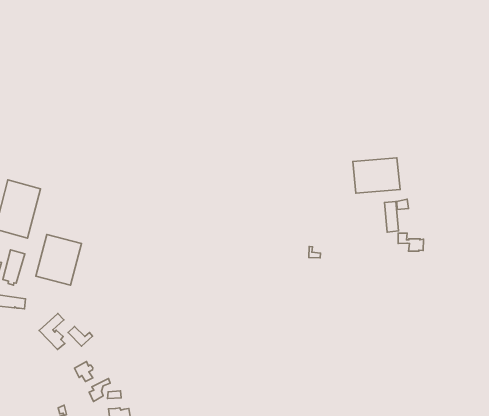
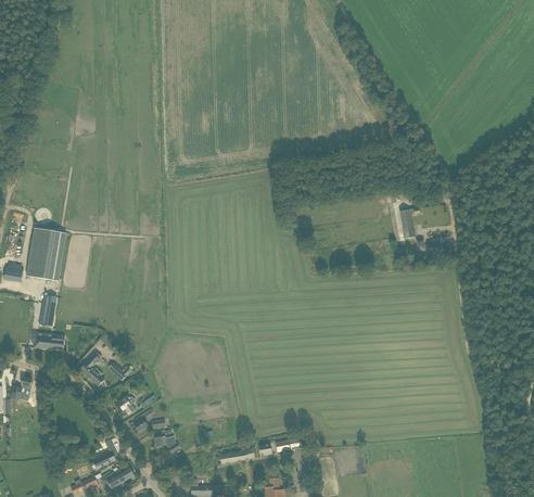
building: [353,158,400,193] -> none
building: [36,235,82,285] -> none

